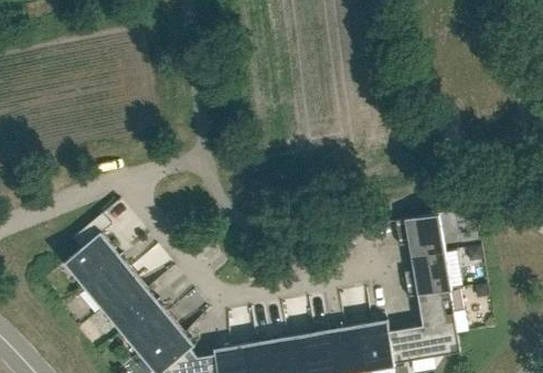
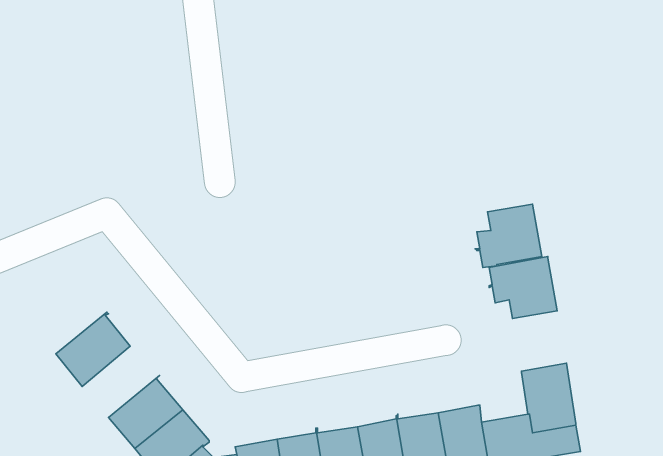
building: [66,215,121,285] -> none
building: [402,254,449,299] -> [475,204,542,267]
building: [104,279,159,330] -> none

